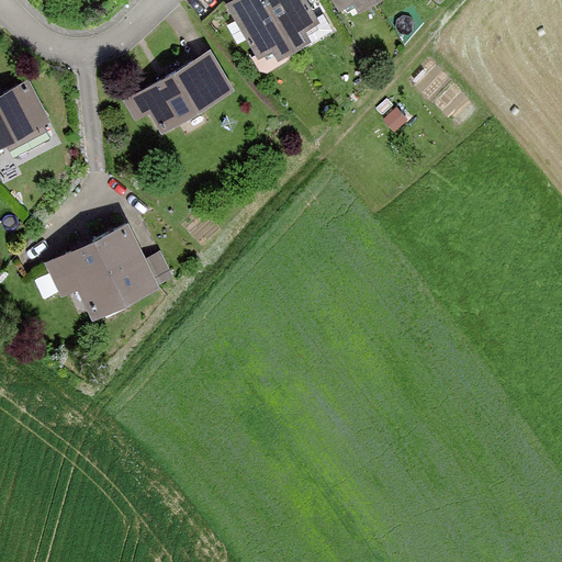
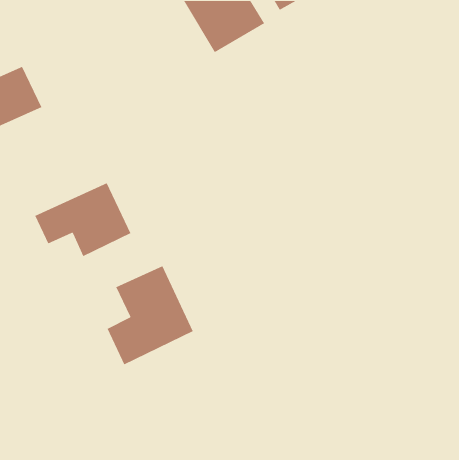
building: [123,49,235,132] -> none
building: none -> [106,265,194,366]

